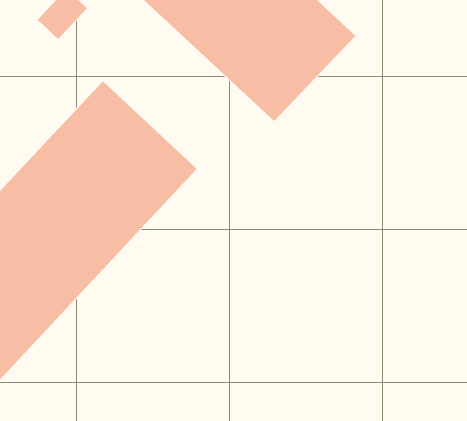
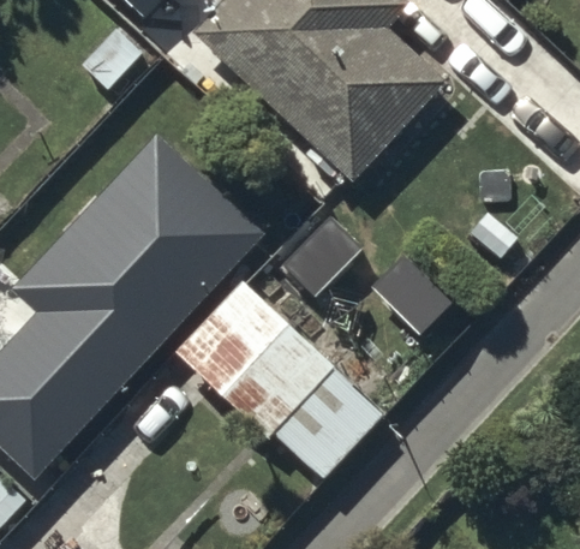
building: none -> [181,287,382,478]

